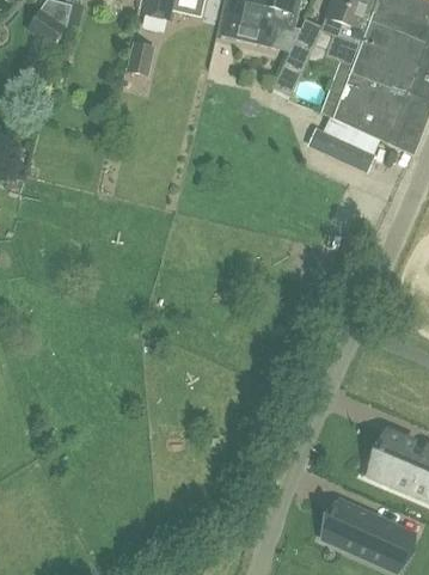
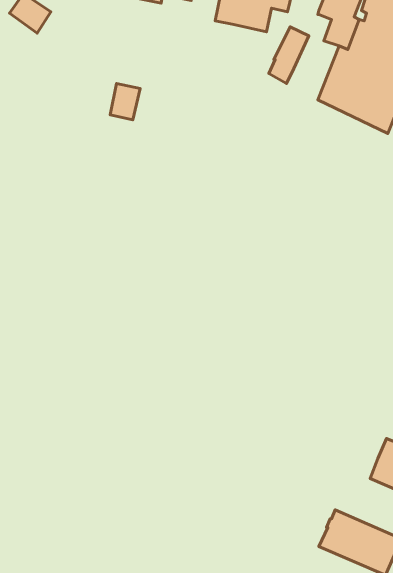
building: [127,39,155,74] -> [110,83,140,120]
building: [307,126,375,171] -> none

